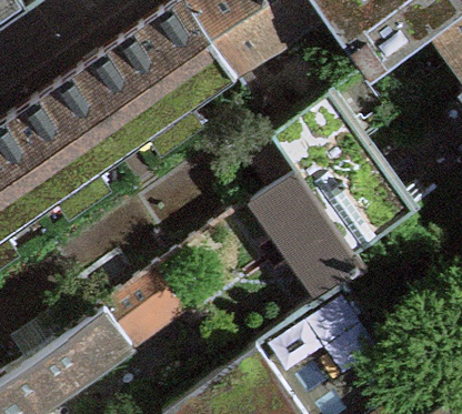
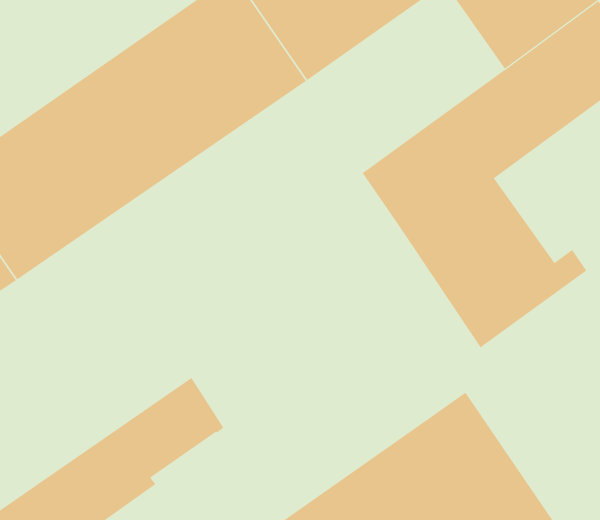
building: [249,176,361,304] -> none

